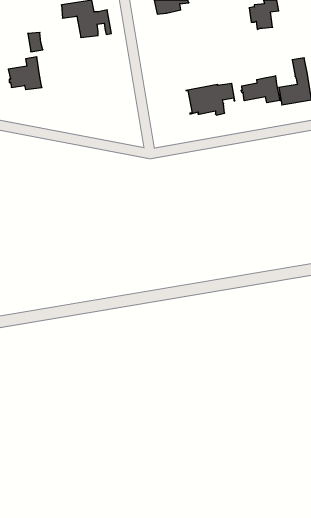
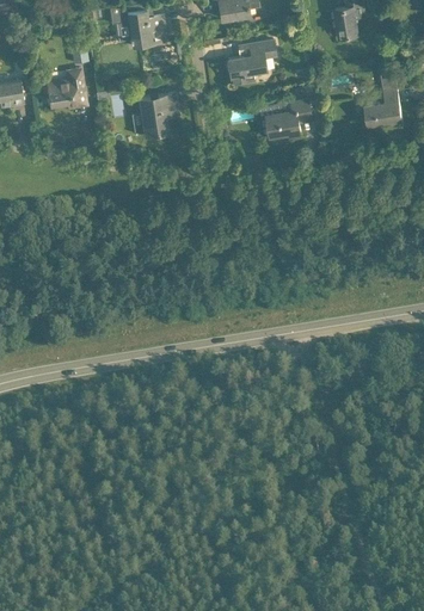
building: none -> [228,42,275,85]
building: [241,76,280,103] -> none
building: none -> [140,93,179,136]

